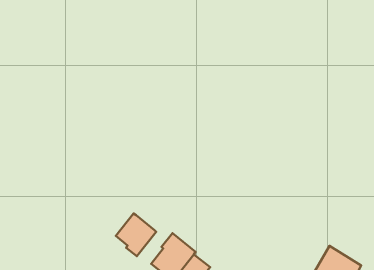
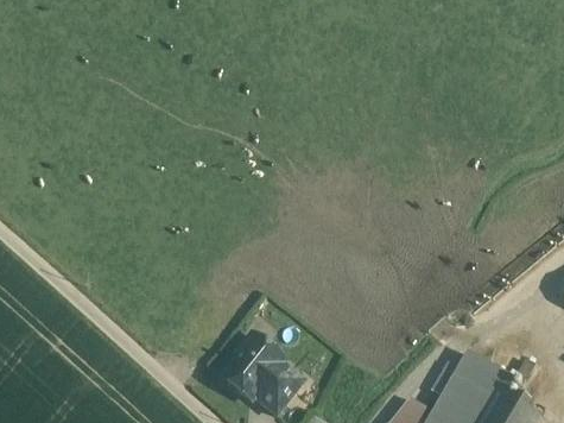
building: [116,214,156,256] -> none

